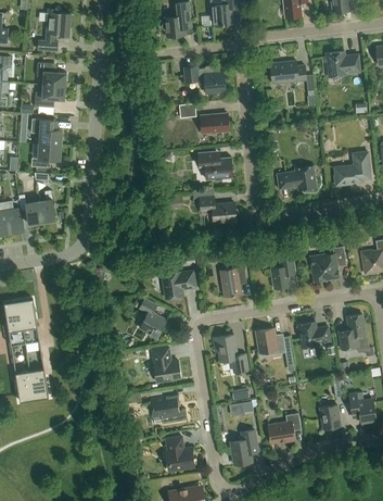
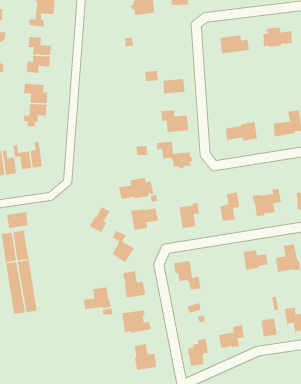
building: [183,66,225,92] -> none
building: none -> [118,177,154,200]
building: none -> [89,206,110,233]
building: none -> [6,211,28,229]
building: [255,328,284,354] -> none
building: none -> [83,287,112,310]

